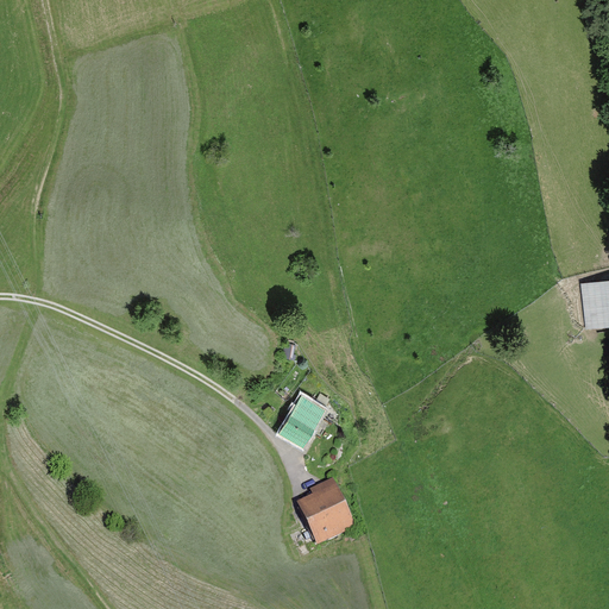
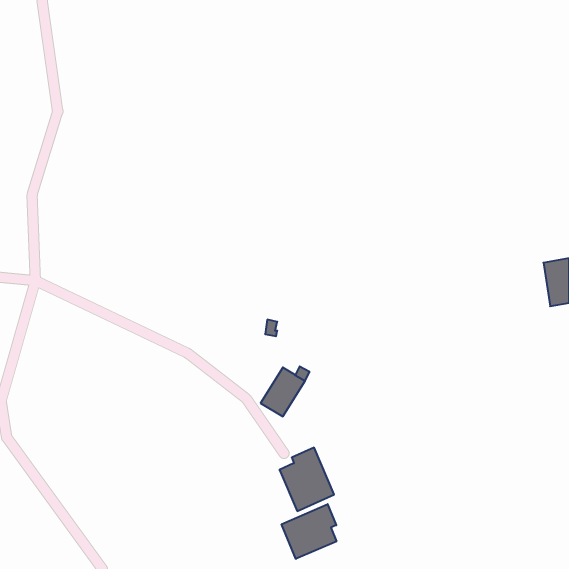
building: none -> [282,504,336,559]

